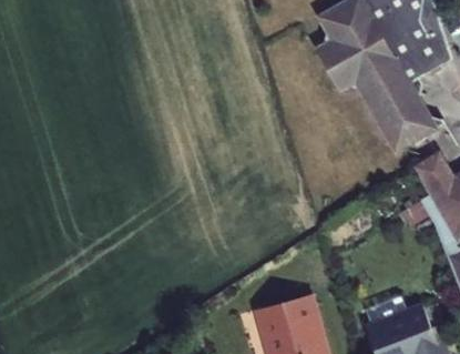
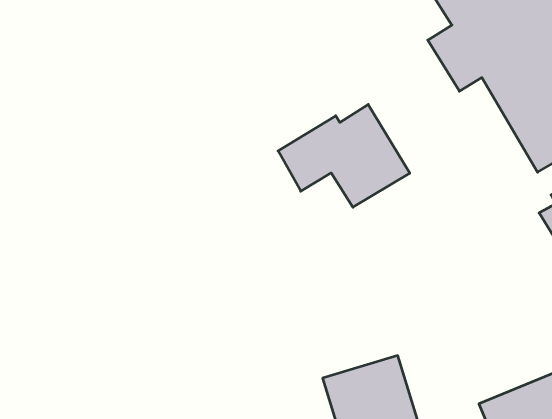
building: none -> [278,104,410,207]

